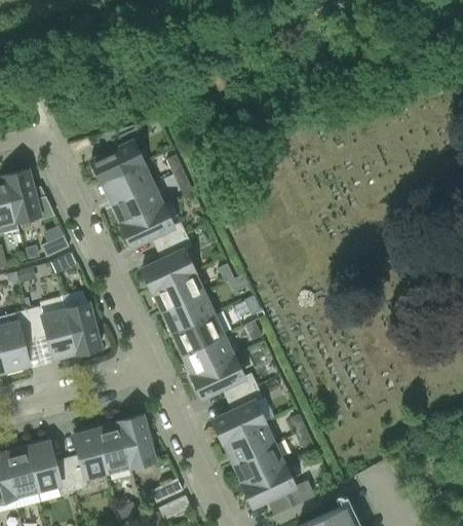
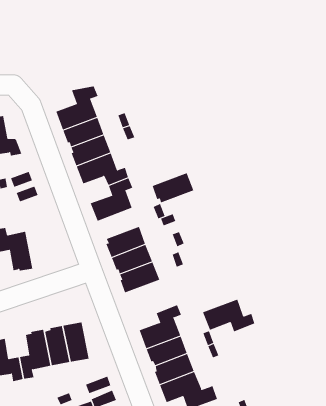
building: [152,271,204,311] -> [152,172,194,203]
building: [66,303,101,354] -> none
building: [192,356,258,398] -> [202,299,255,332]

